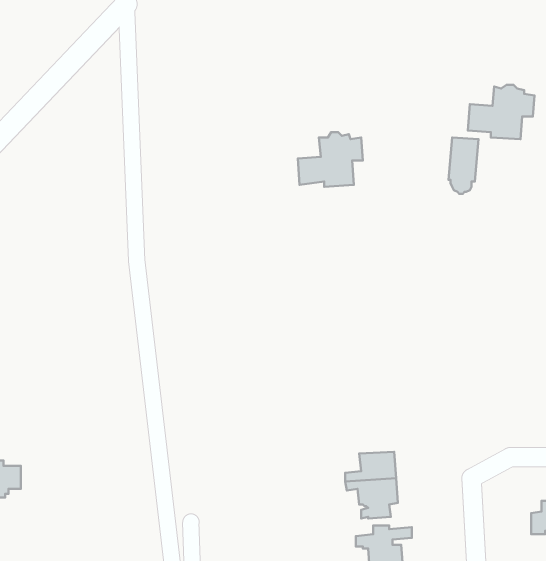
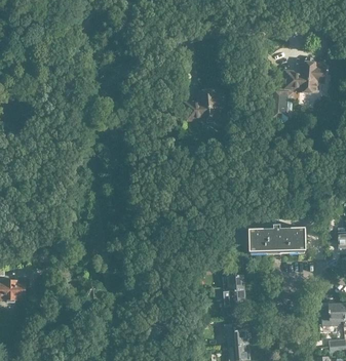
building: none -> [247,225,305,252]

